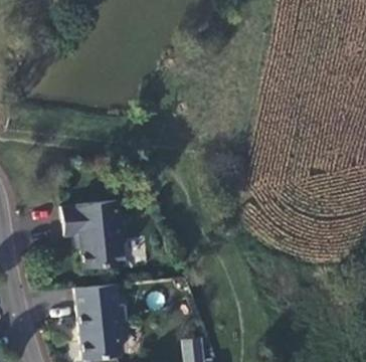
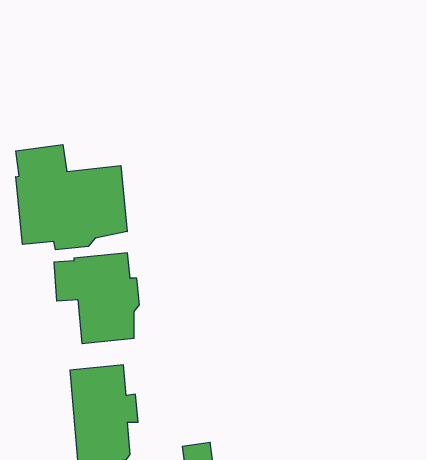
building: none -> [16,145,127,250]

